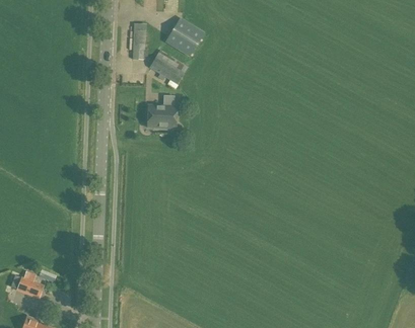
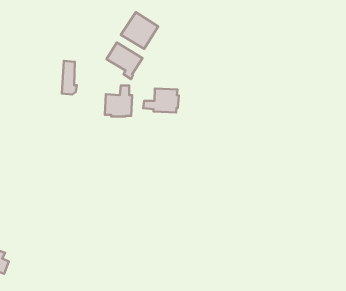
building: [132,23,148,60] -> [62,61,77,95]
building: none -> [143,88,179,113]

